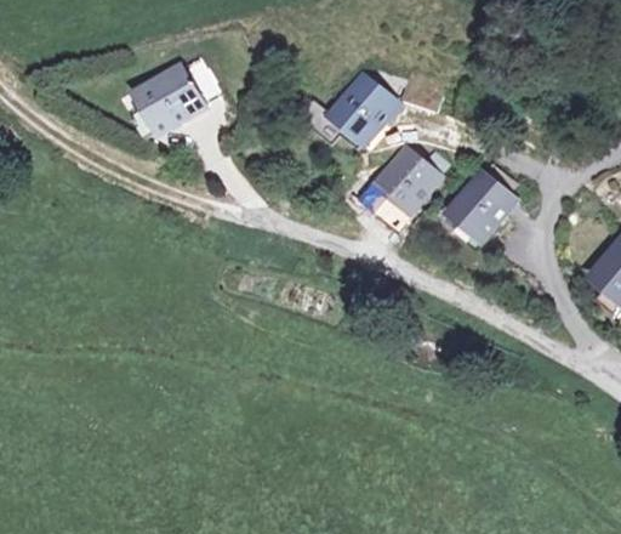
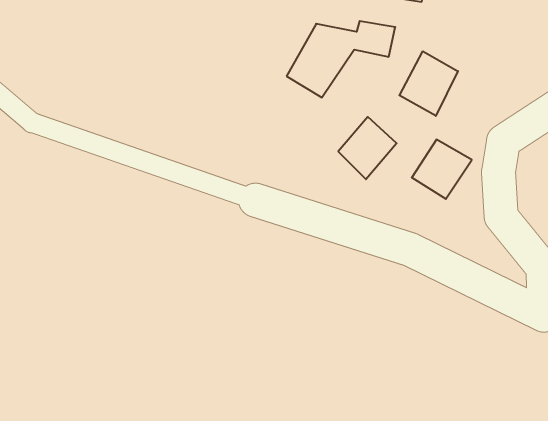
building: [127,59,210,132] -> none
building: none -> [399,51,458,116]

